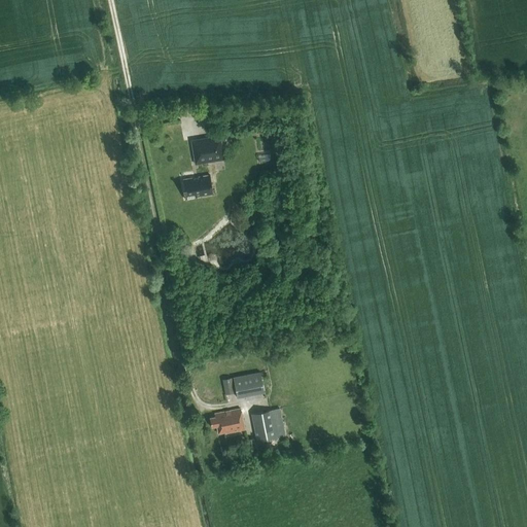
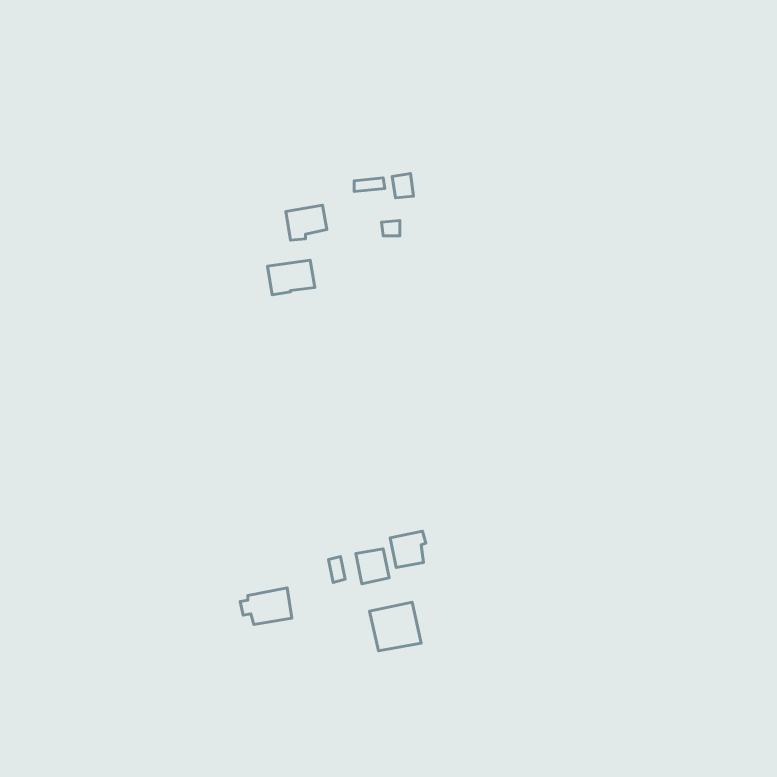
building: none -> [390,531,426,568]
building: [209,409,244,433] -> [240,588,292,624]

